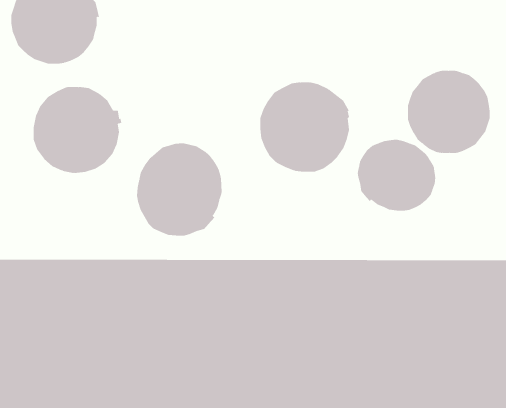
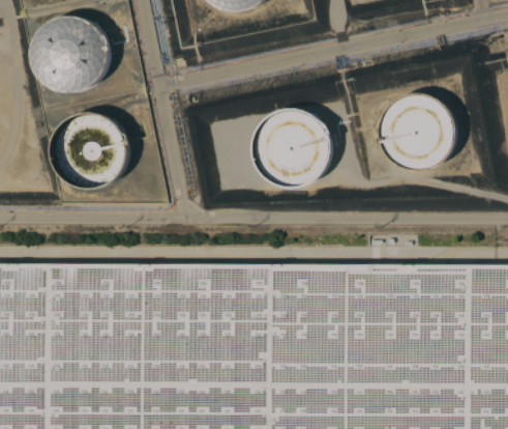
building: [357,139,436,211] -> none
building: [136,143,222,237] -> none

